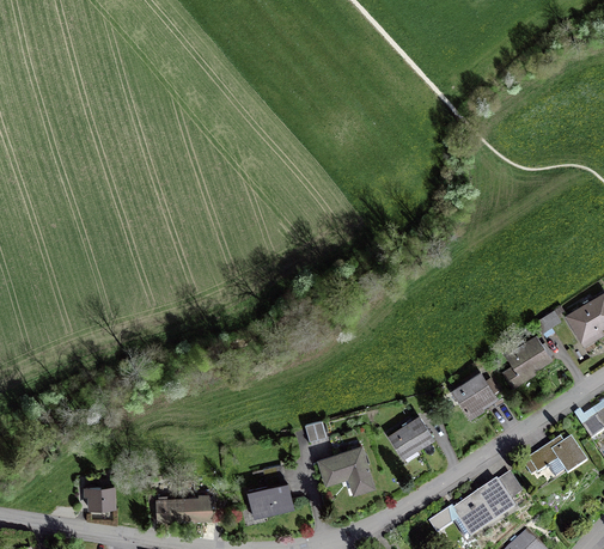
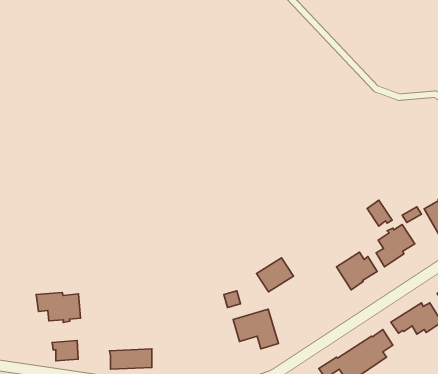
building: none -> [367,200,392,226]
building: [388,414,435,458] -> [256,258,293,292]
building: none -> [36,293,80,323]
building: [248,464,295,519] -> none

